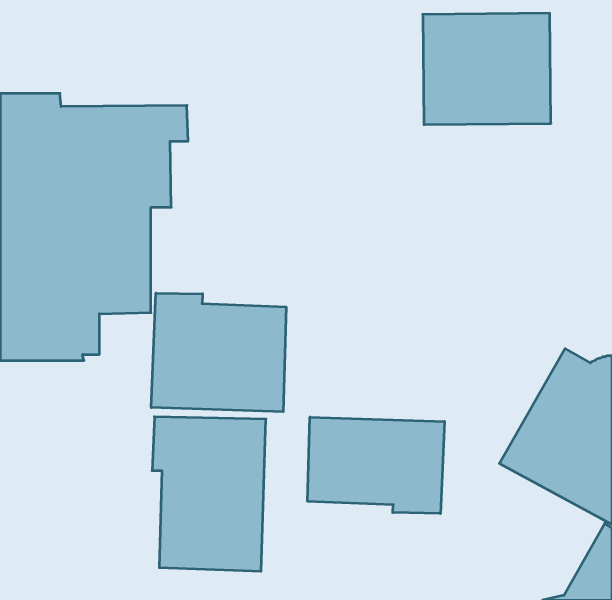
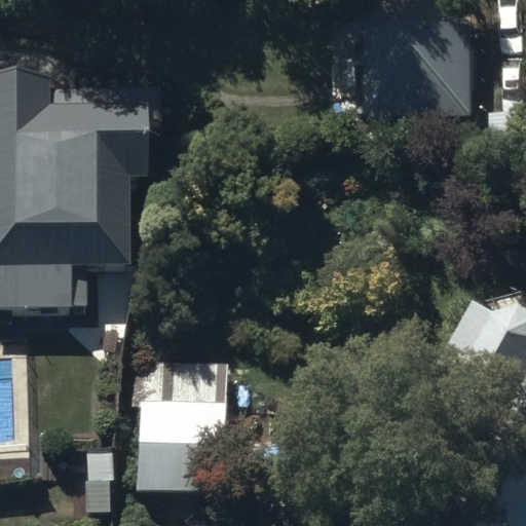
building: [151,293,286,412] -> none
building: [308,417,444,514] -> none

